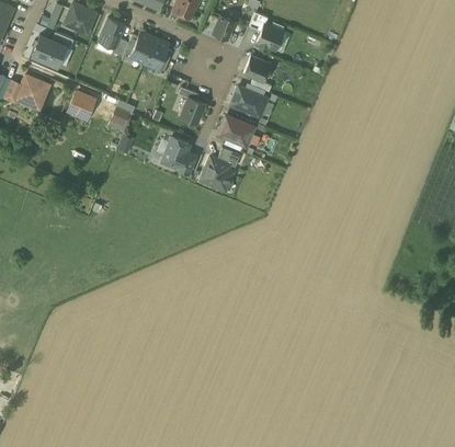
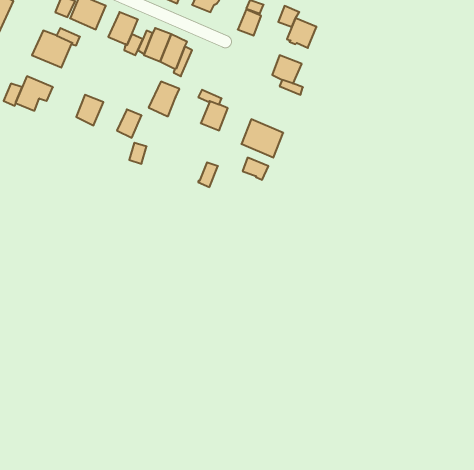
building: [231,85,268,115] -> none
building: [162,137,190,168] -> [149,82,179,116]
building: [202,156,231,190] -> none

